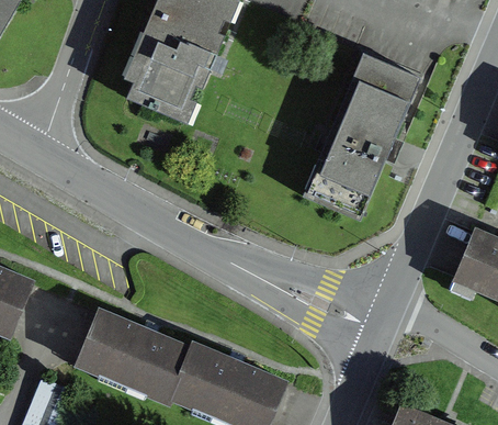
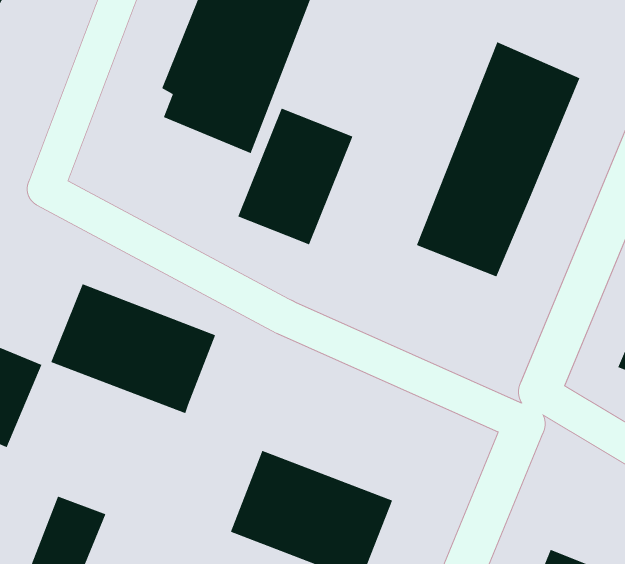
building: none -> [237,107,354,245]
building: [70,312,190,406] -> [50,283,216,414]

